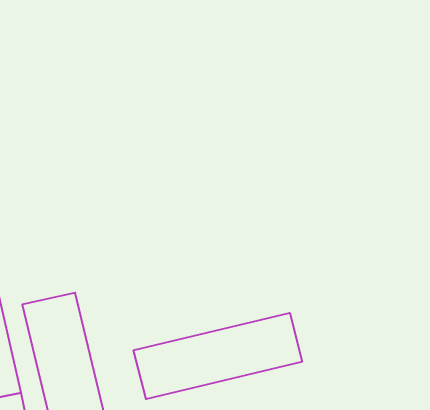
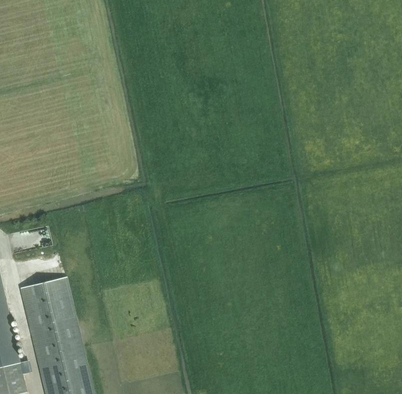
building: [134,313,302,399] -> none

